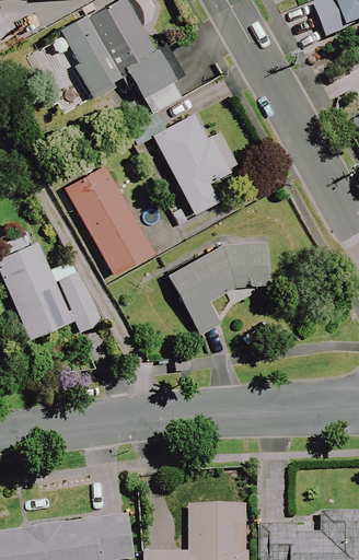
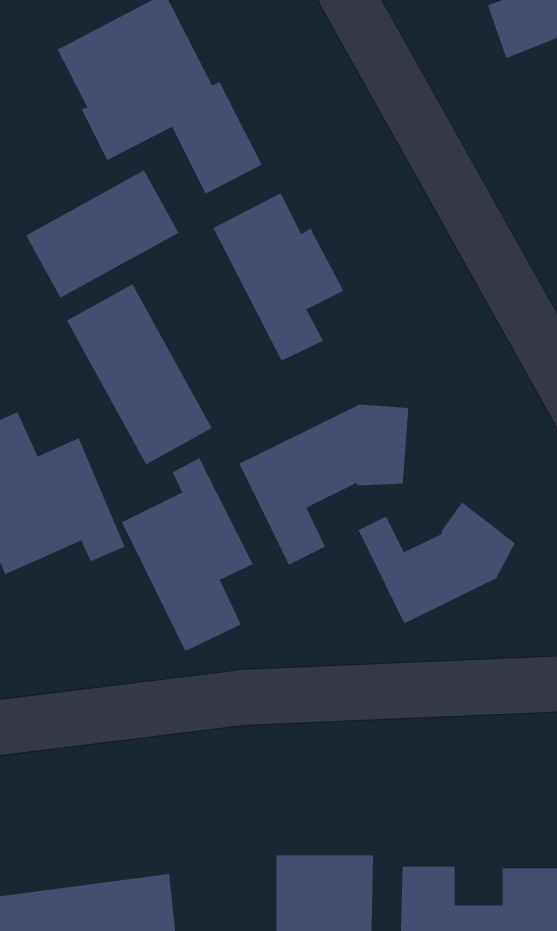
building: none -> [25,170,179,299]
building: none -> [121,457,253,652]
building: none -> [358,501,516,624]

